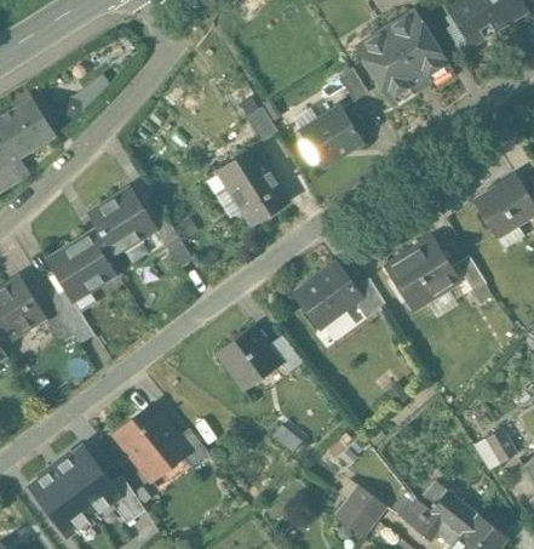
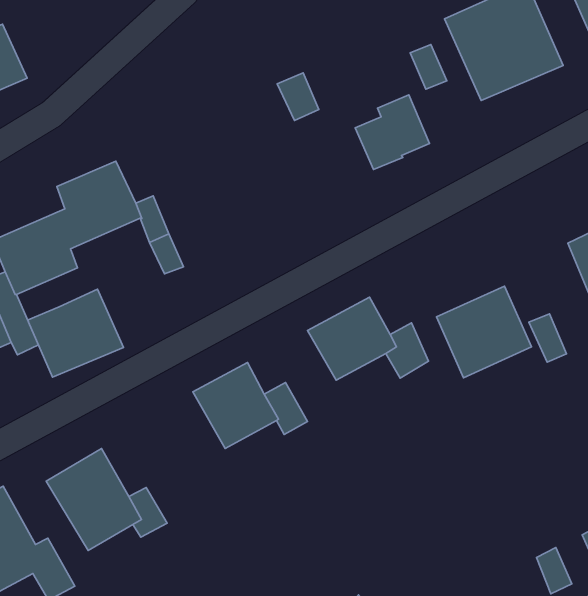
building: [218,147,287,224] -> none
building: none -> [28,289,124,377]

